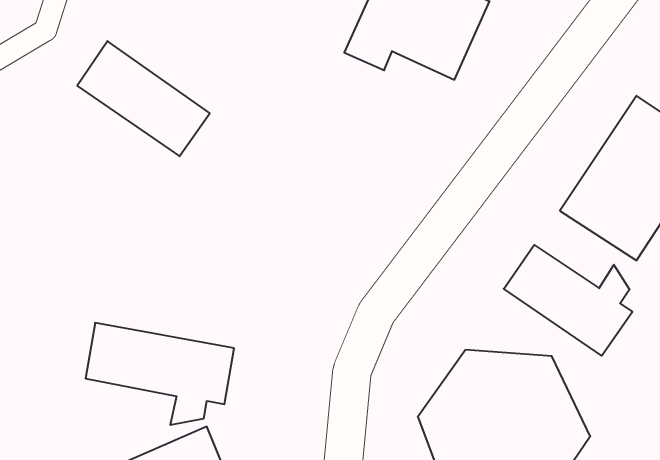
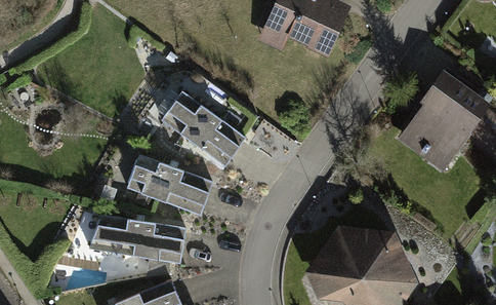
building: [77,41,210,156] -> [161,91,246,165]
building: none -> [126,155,212,216]
building: [504,245,632,356] -> none

